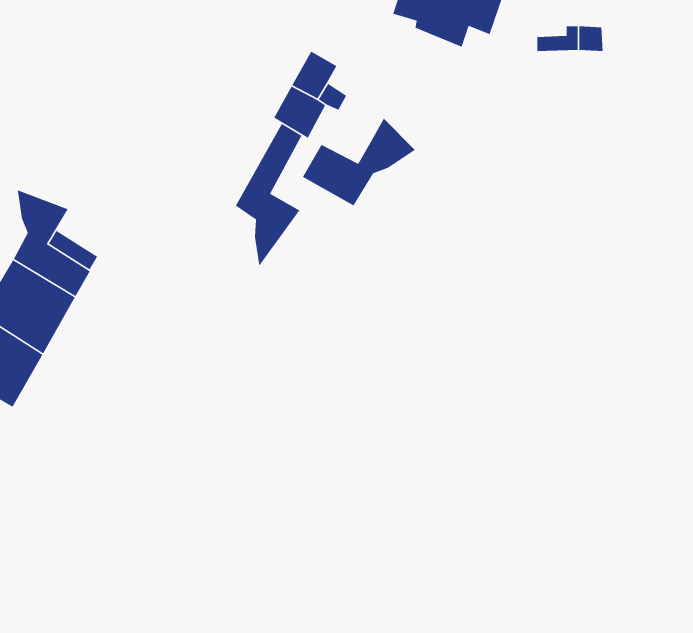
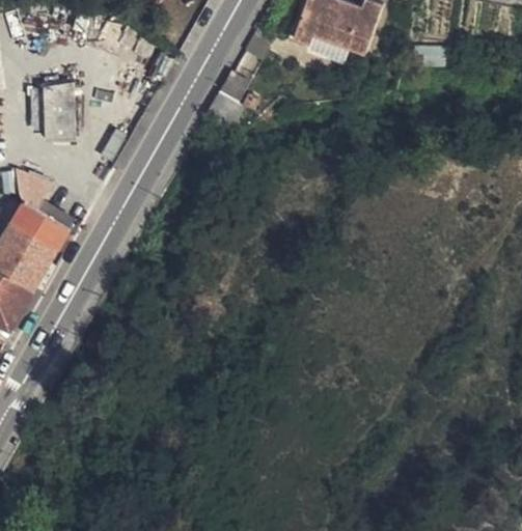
building: none -> [45,82,75,139]
building: [302,117,416,206] -> none
building: [235,123,303,268] -> none

